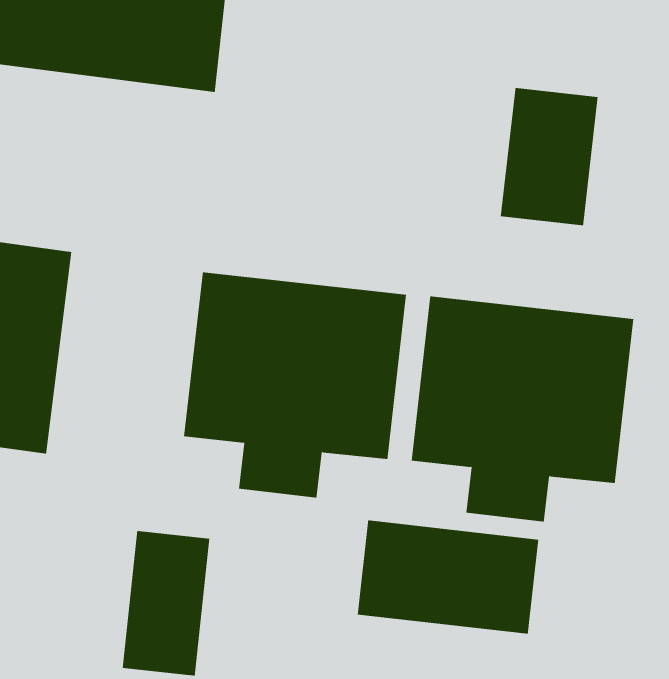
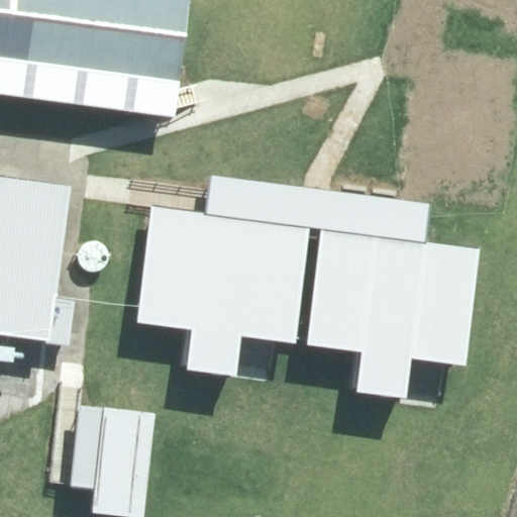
building: [500,87,598,226] -> none
building: [357,520,539,635] -> none

